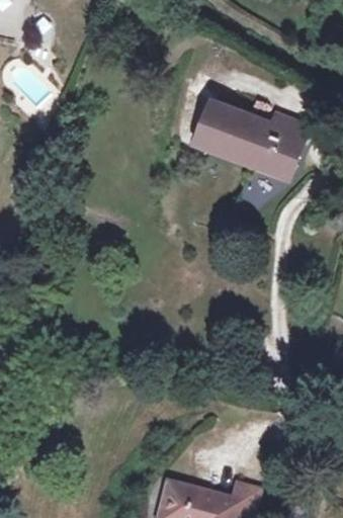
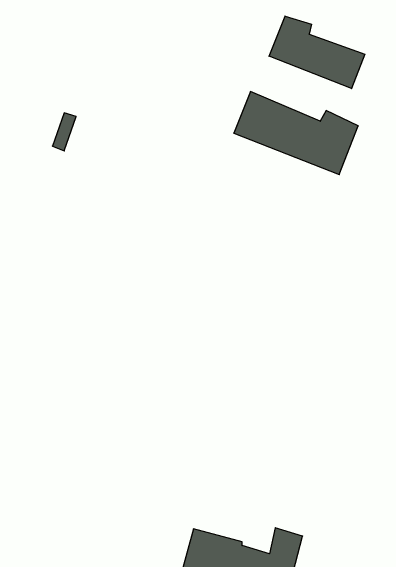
building: none -> [269,16,365,89]

